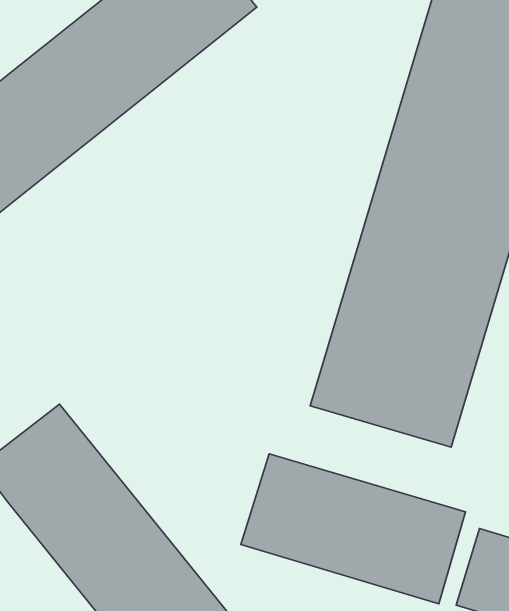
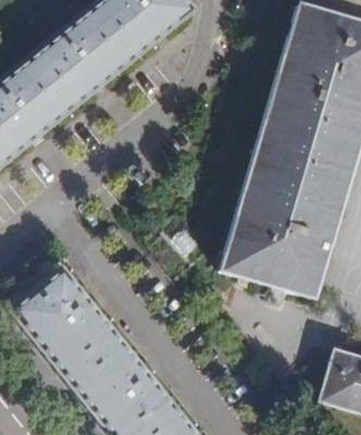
building: [241,454,466,604] -> none

